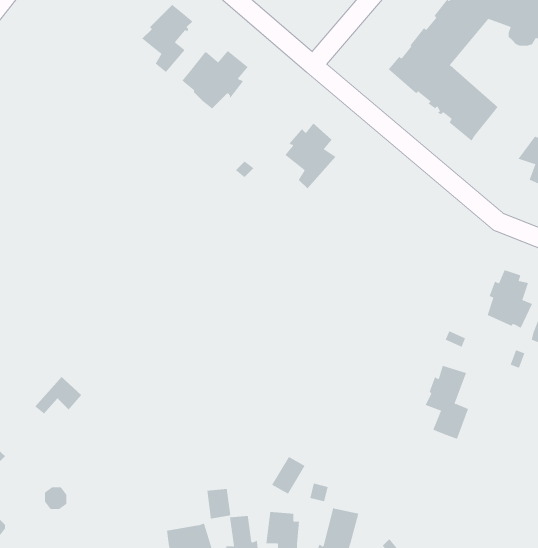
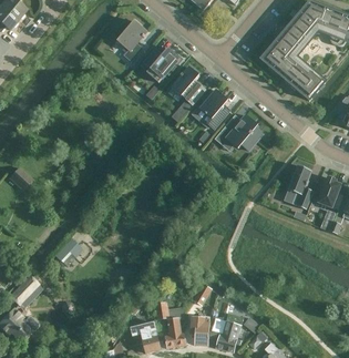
building: none -> [173,67,206,104]
building: none -> [215,114,264,151]
building: [425,365,469,439] -> [288,165,314,208]

